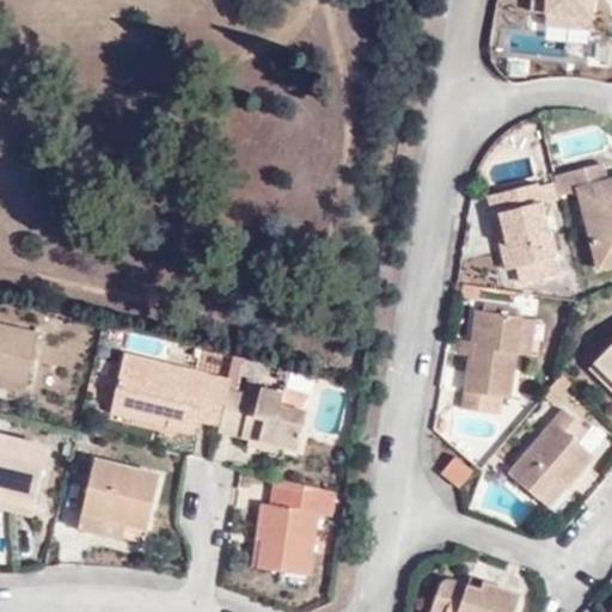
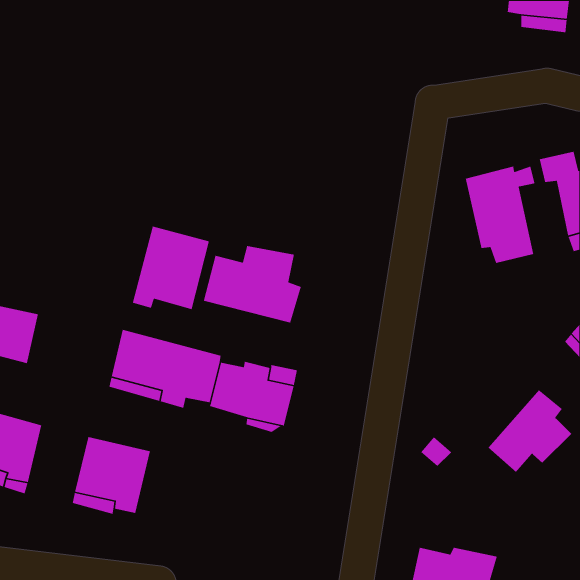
building: none -> [132,226,210,310]
building: none -> [203,245,302,324]
building: [460,311,530,410] -> none
building: [251,476,331,580] -> none

